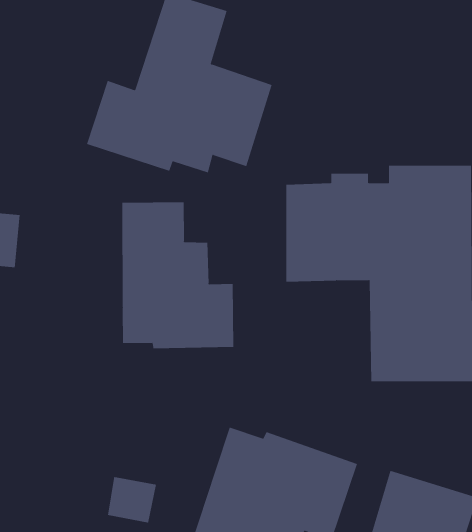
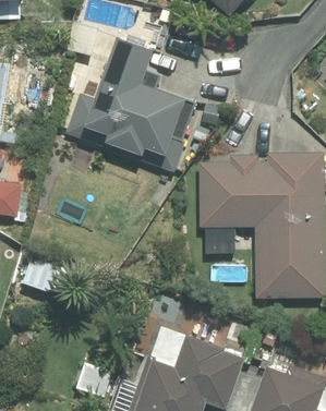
building: [122,201,234,349] -> none

